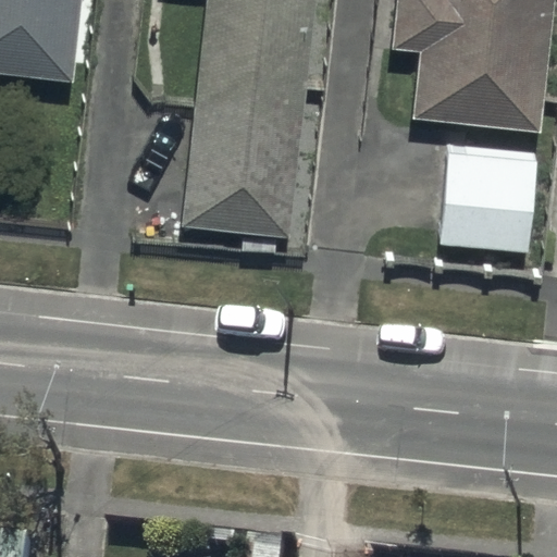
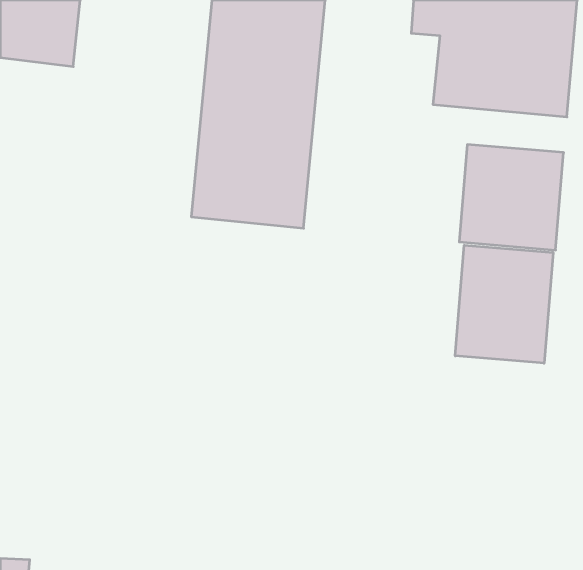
building: none -> [455,245,553,363]

